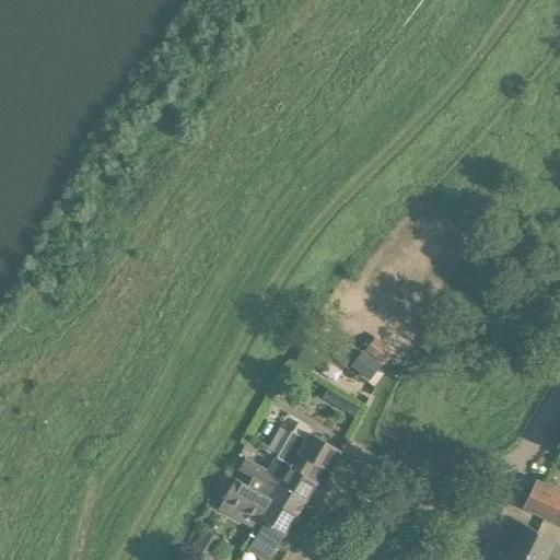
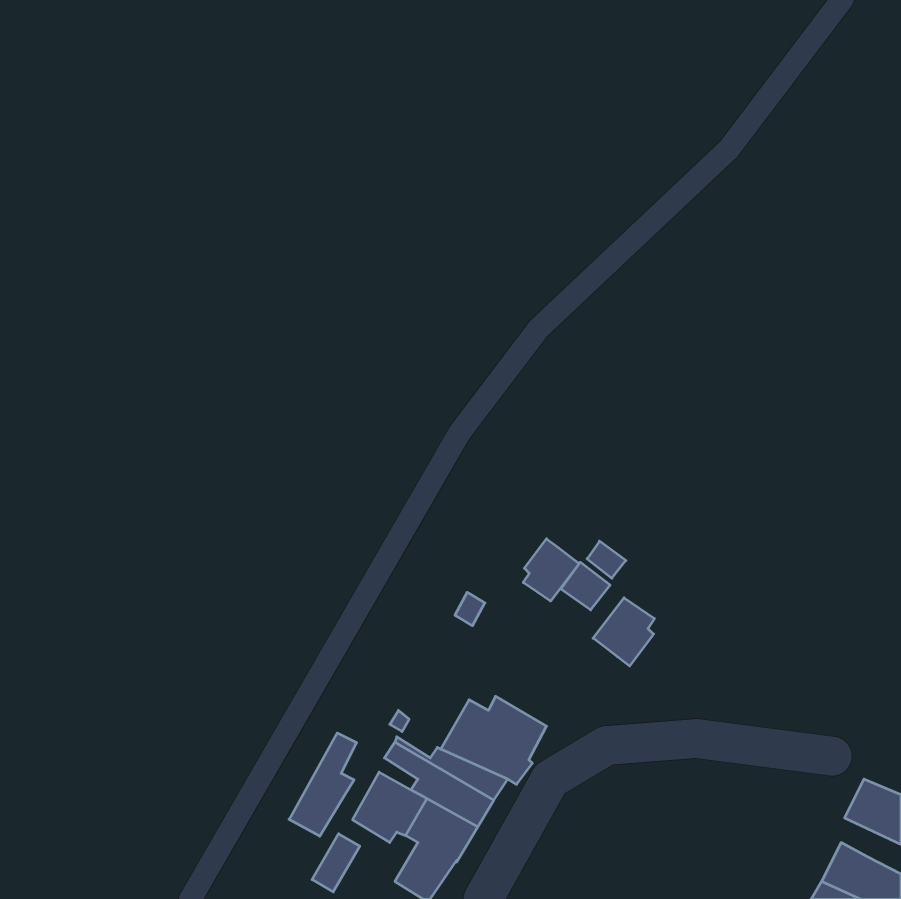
building: none -> [523,539,579,601]
building: none -> [593,598,654,666]
building: none -> [289,733,357,836]

